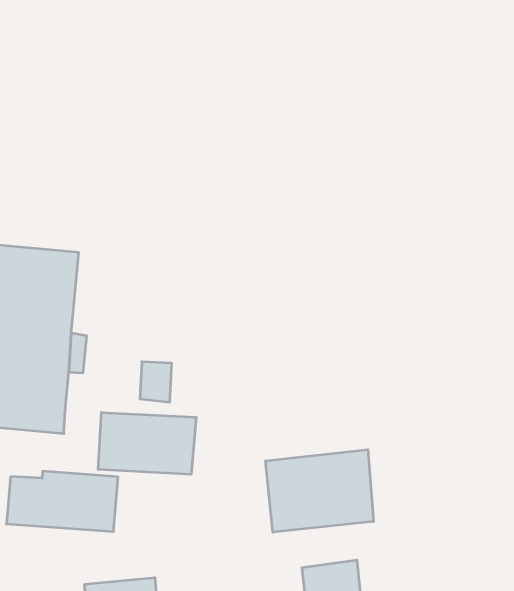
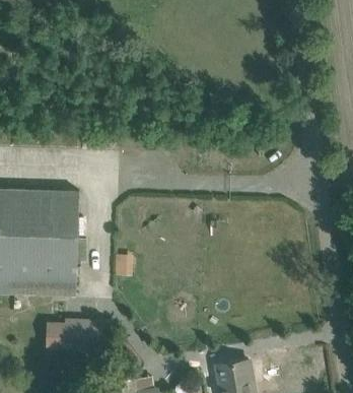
building: [98,412,196,474] -> none
building: [265,450,373,532] -> none

